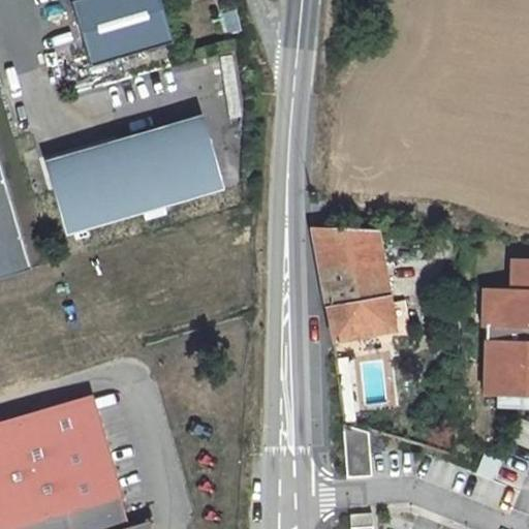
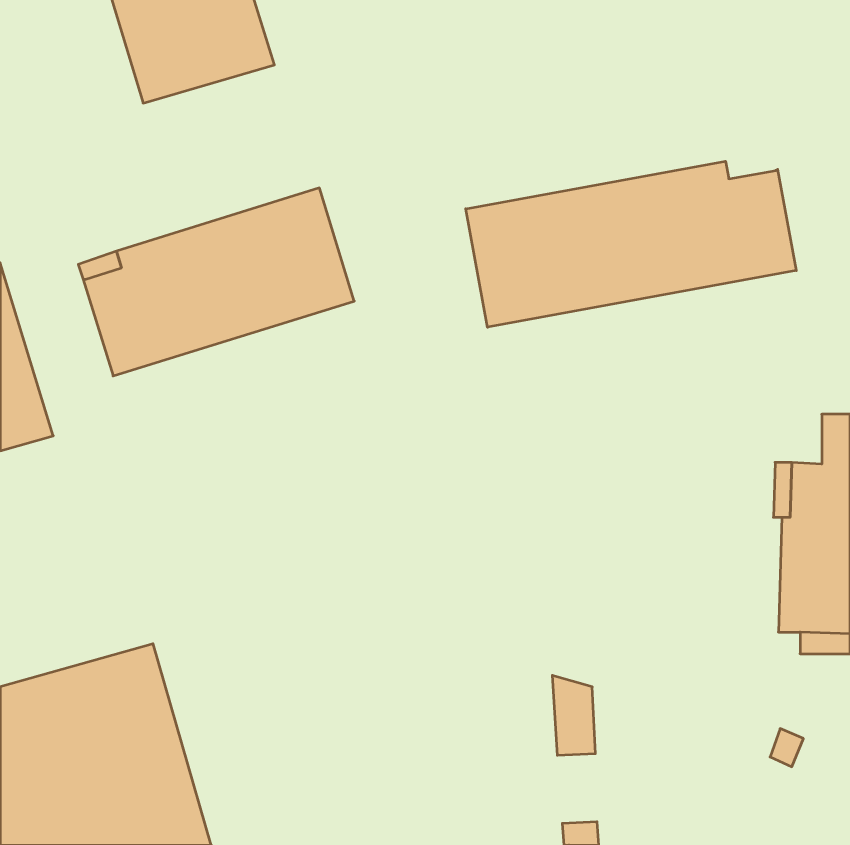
building: none -> [466,161,796,327]
building: [312,226,412,339] -> none

